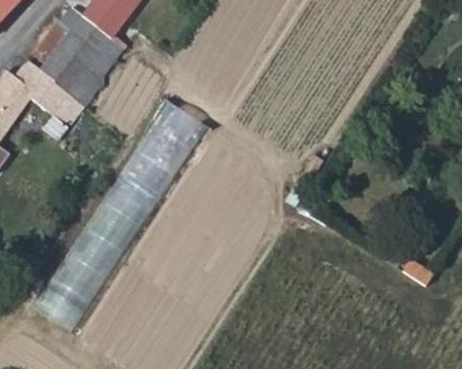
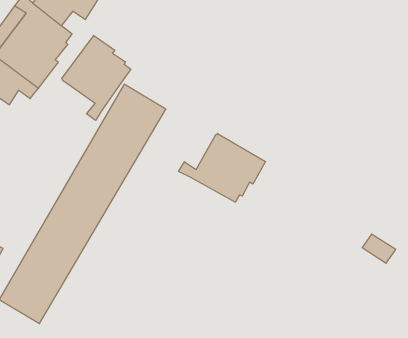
building: none -> [62,35,131,120]
building: none -> [179,133,266,202]

